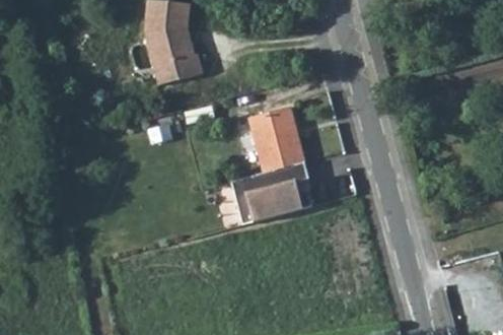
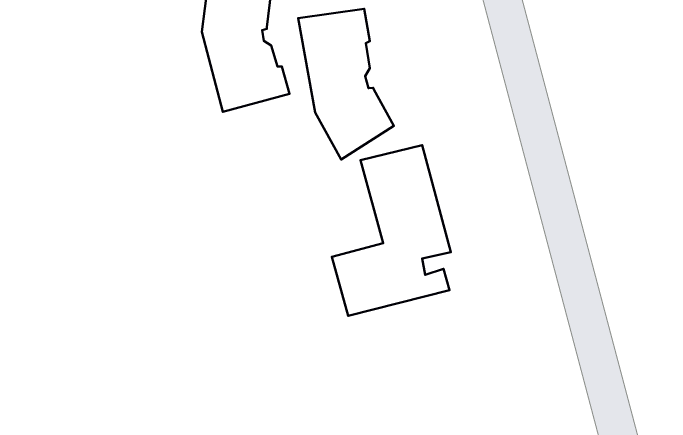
building: none -> [298,9,394,160]

